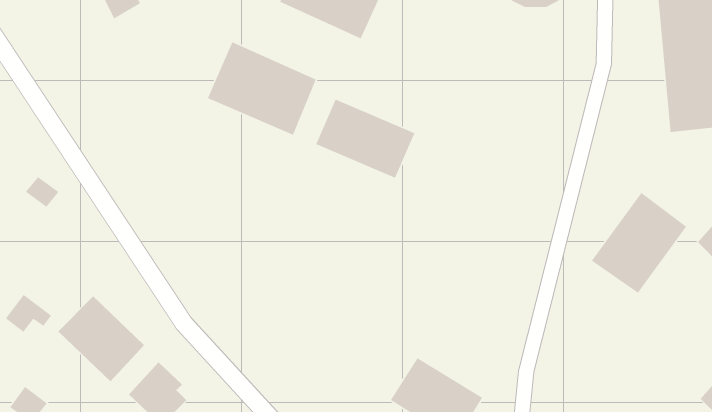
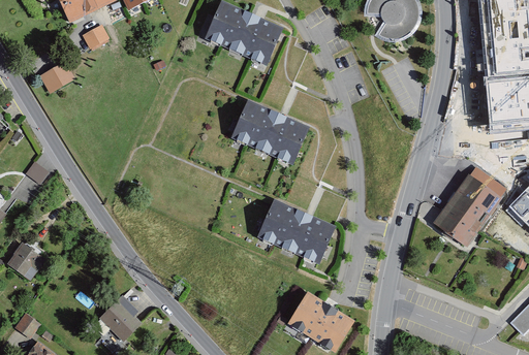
building: none -> [40,61,75,92]
building: [207,41,317,136] -> none
building: none -> [261,203,334,262]
building: [57,295,145,382] -> none

